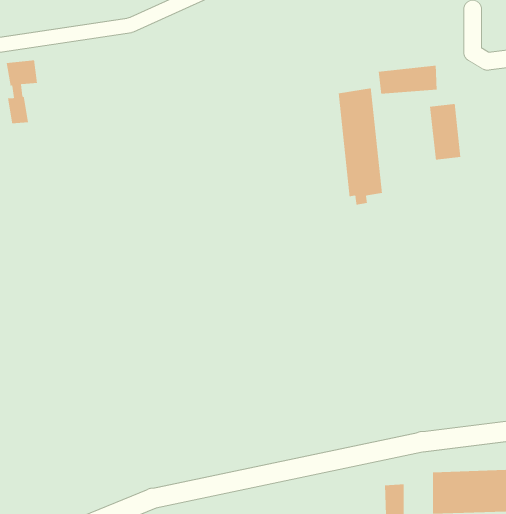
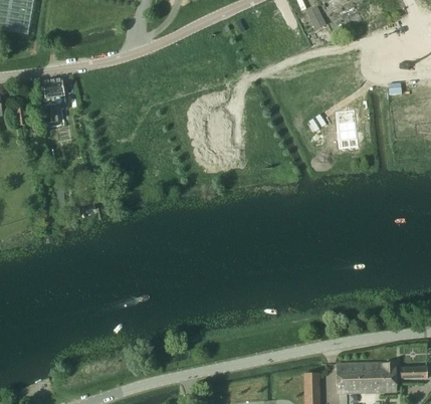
building: [378,65,437,95] -> none
building: [338,88,382,205] -> none

